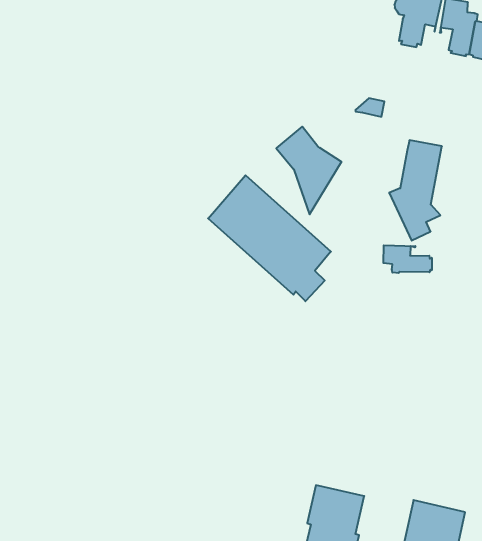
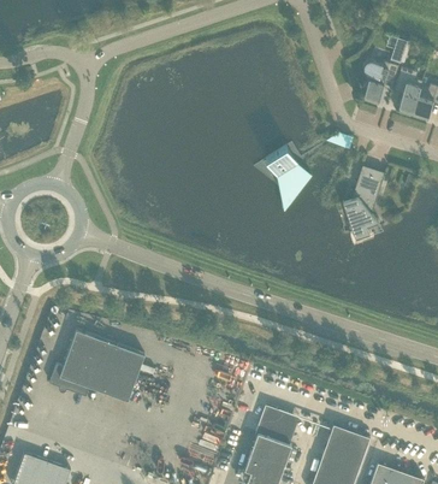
building: [208,175,331,301] -> none
building: [383,245,432,273] -> none
building: none -> [49,331,144,401]

